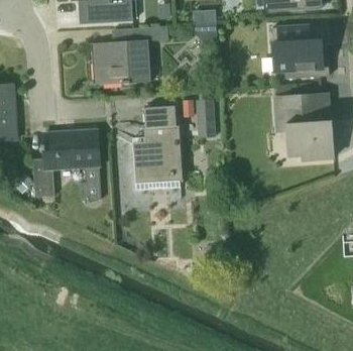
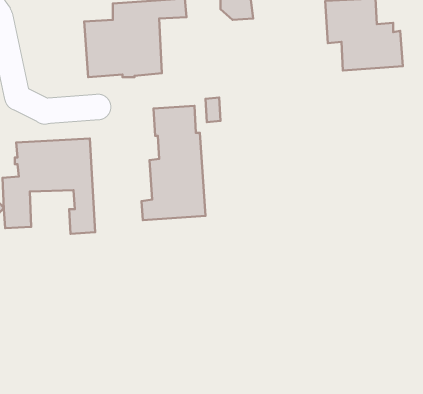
building: [275,92,334,158] -> none
building: [196,99,216,137] -> none

